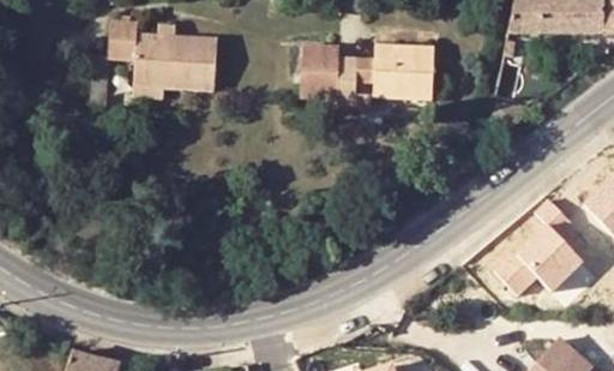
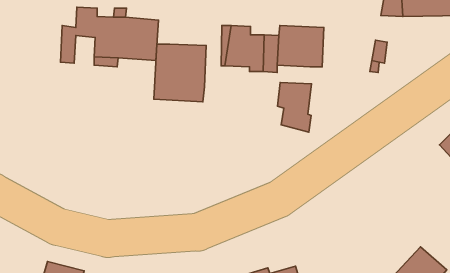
building: none -> [154,44,206,102]
building: none -> [278,82,311,132]
building: [487,197,585,292] -> none

